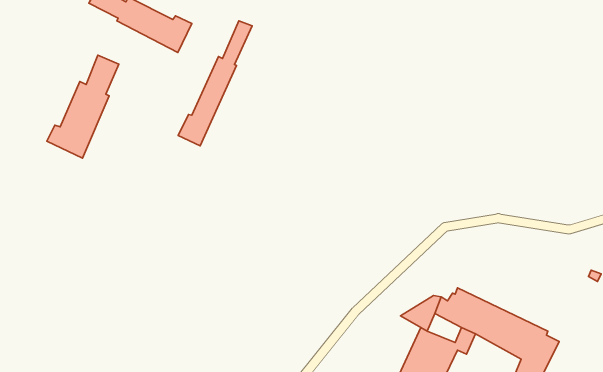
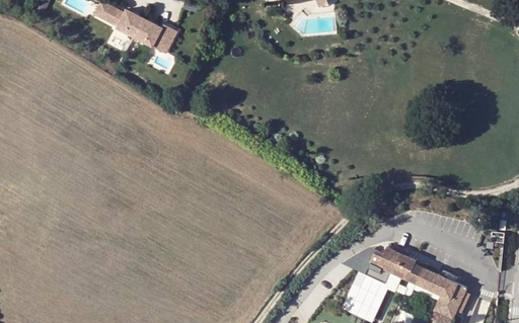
building: [178,21,252,146] -> none
building: [47,55,119,158] -> none

